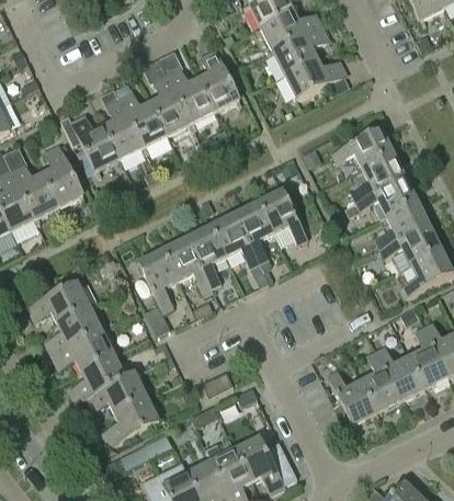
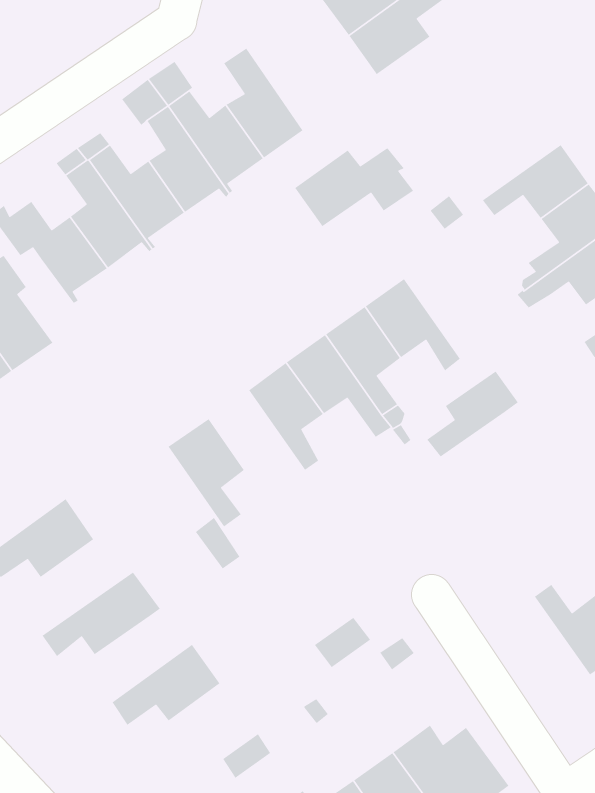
building: [285,58,351,99] -> [294,147,414,227]
building: [163,237,212,291] -> none
building: none -> [426,370,519,458]
building: [45,306,109,354] -> none
building: [69,353,126,402] -> none
building: [103,396,159,445] -> none

